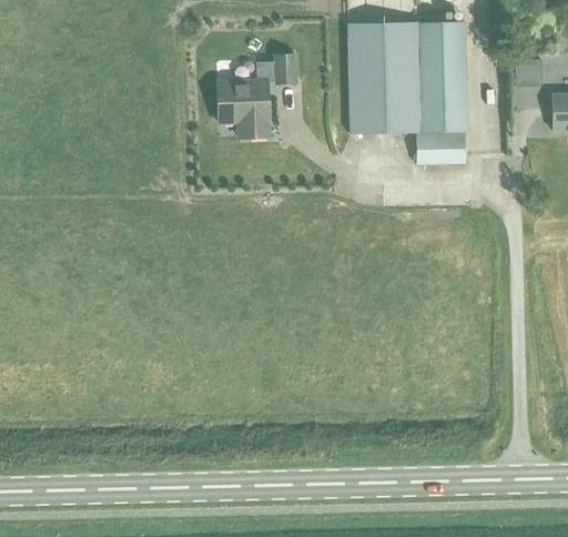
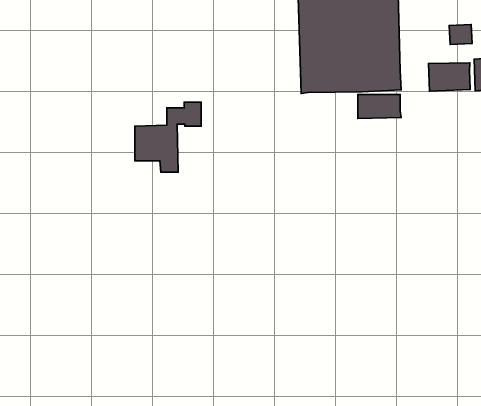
building: [219,55,295,136] -> [135,102,201,172]
building: none -> [428,63,470,91]

